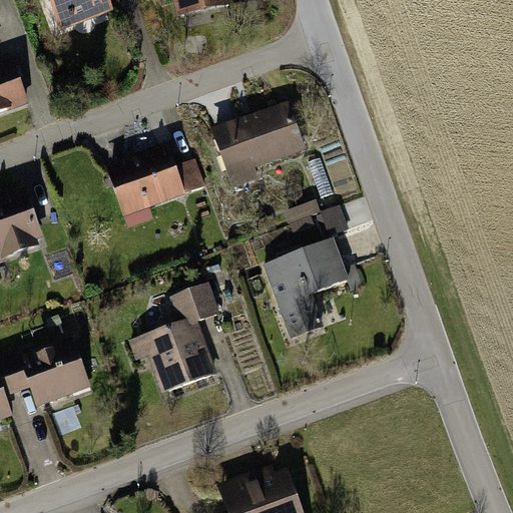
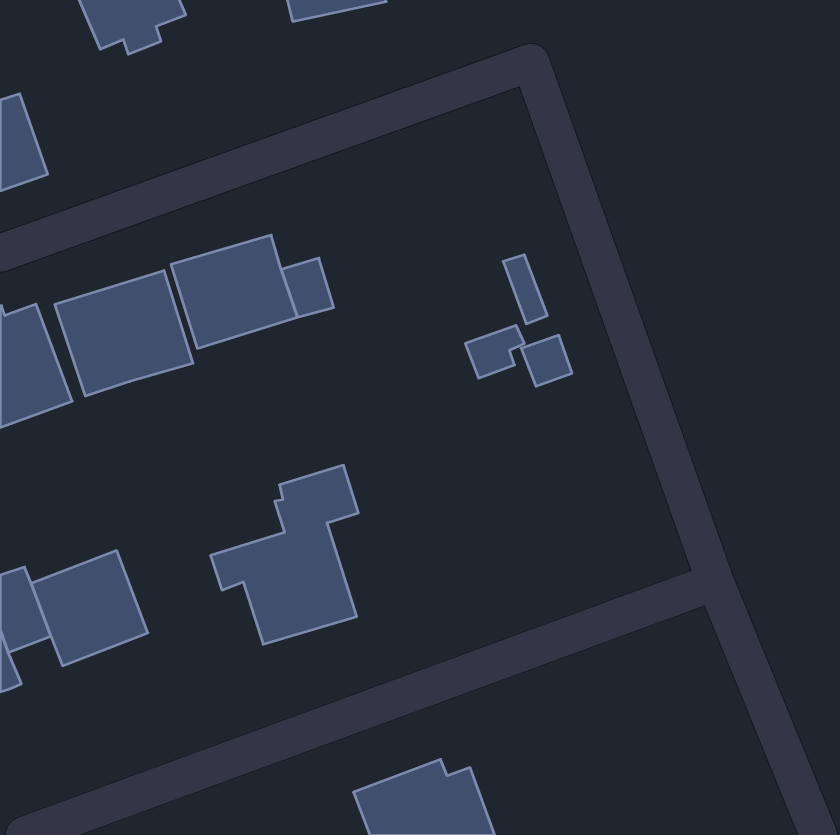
building: [211,100,304,188] -> none
building: none -> [55,270,193,396]
building: [261,238,350,337] -> none

